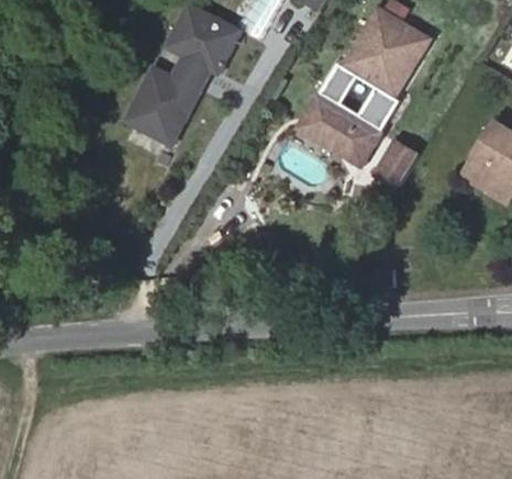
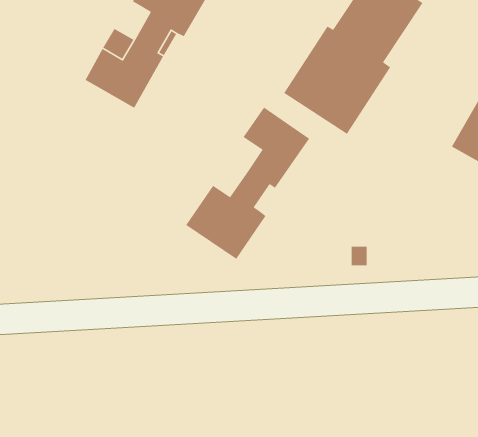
building: none -> [185,106,310,260]
building: [372,140,414,185] -> none

